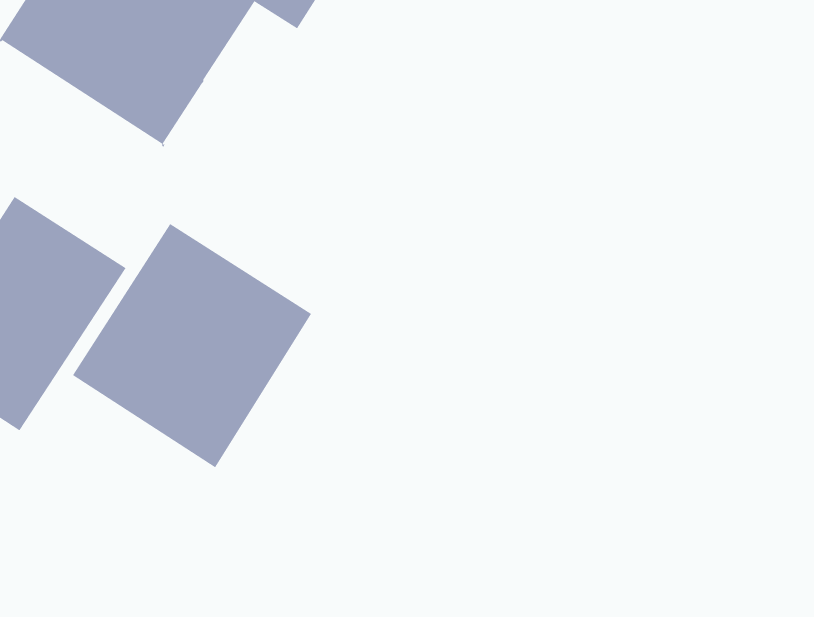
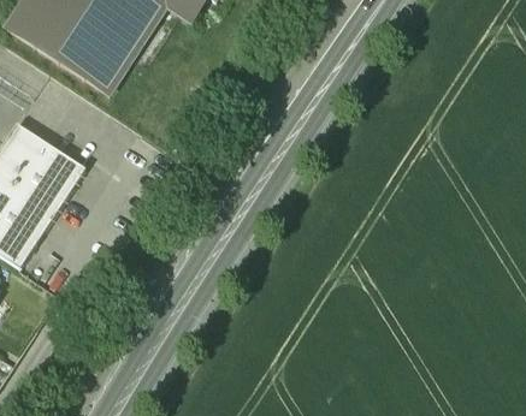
building: [72,223,312,468] -> none

